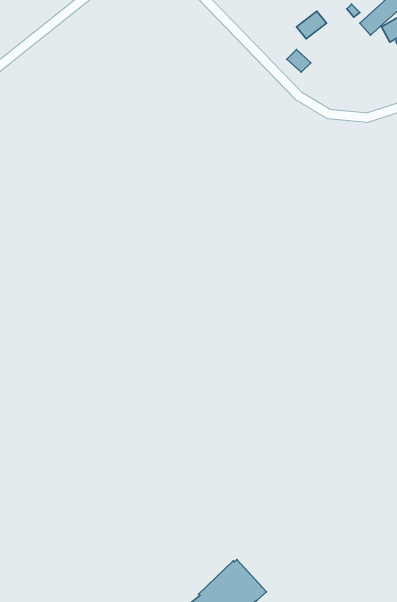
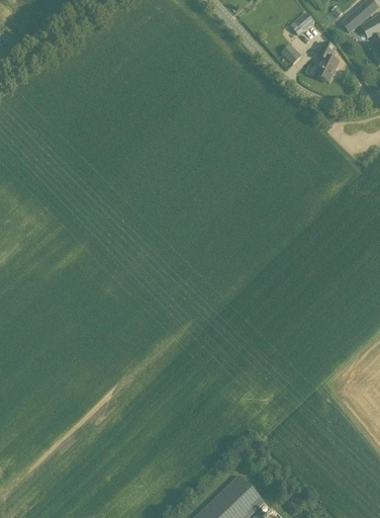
building: none -> [314,42,340,83]

